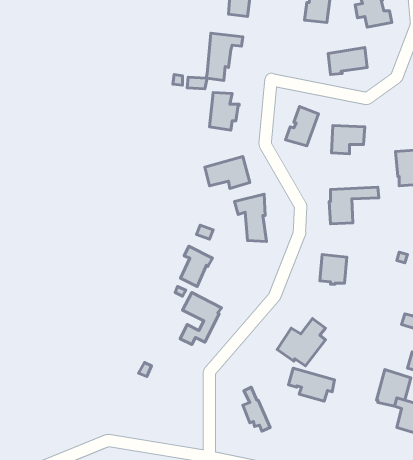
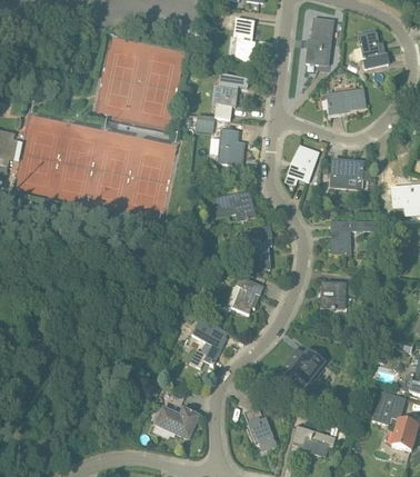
building: [181,246,212,286] -> [232,275,262,312]
building: [288,368,335,401] -> [291,425,334,456]
building: none -> [154,406,198,437]

